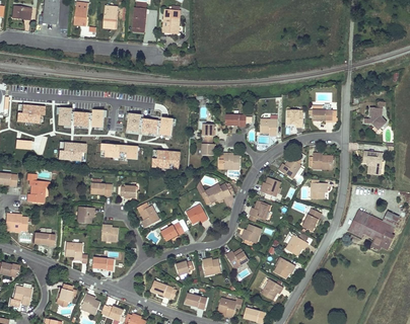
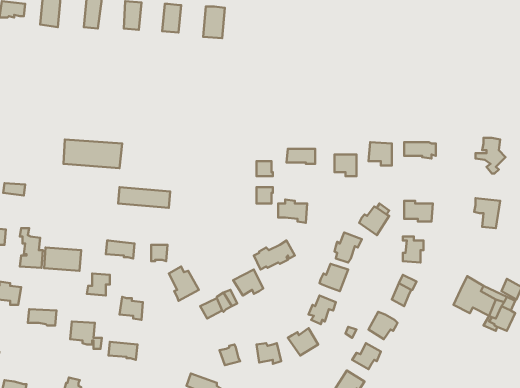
building: [16,104,44,123] -> none
building: [127,113,173,138] -> none
building: [57,142,84,159] -> [44,248,81,271]
building: [152,150,179,168] -> none

